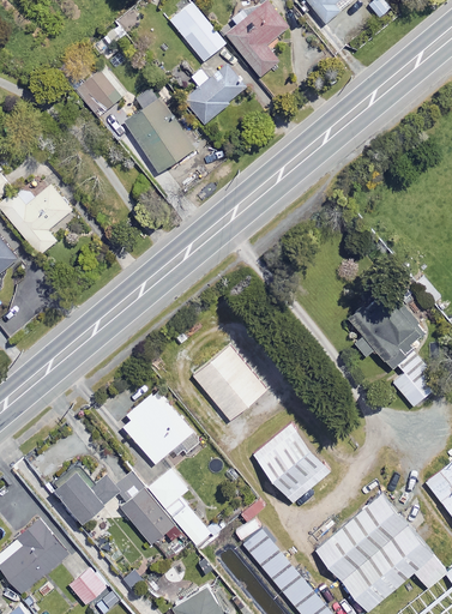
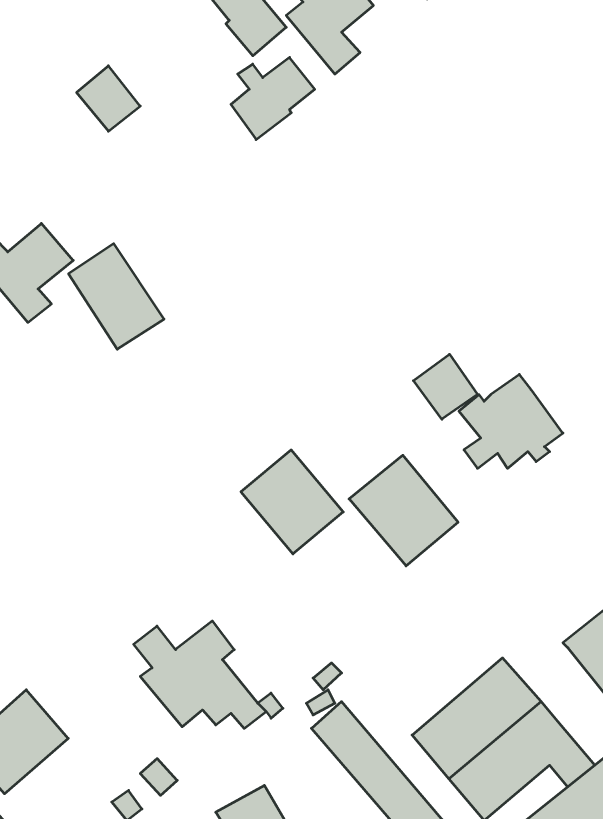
building: [125,96,193,171] -> [69,244,164,349]
building: none -> [413,354,478,419]
building: [391,350,440,407] -> none
building: [122,393,192,463] -> none
building: [251,423,329,502] -> [349,455,458,566]
building: [54,470,119,522] -> none
building: [70,567,106,603] -> none

